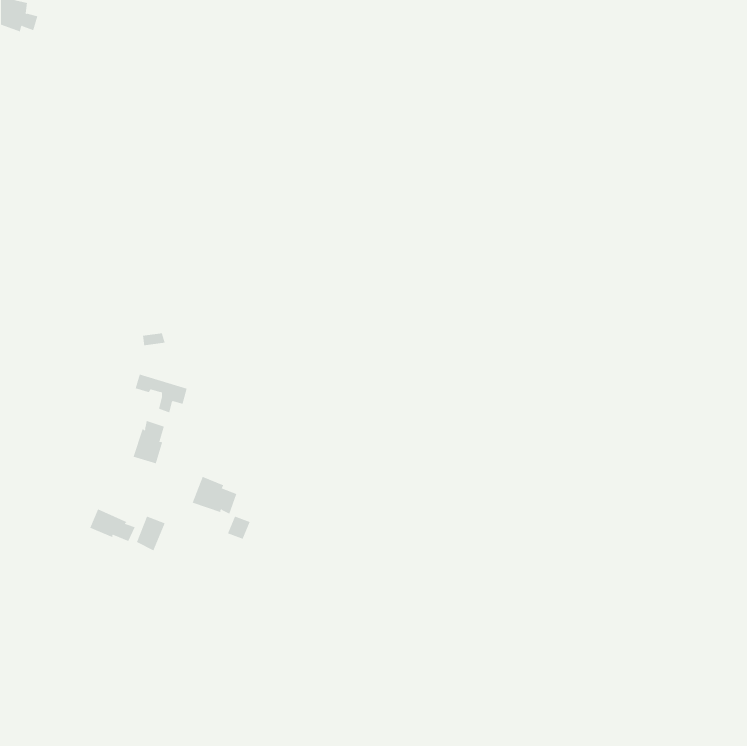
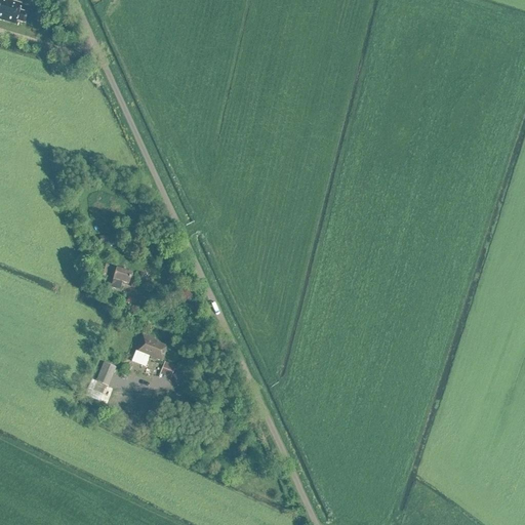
building: [133,420,164,464] -> none
building: [89,508,135,542] -> none

